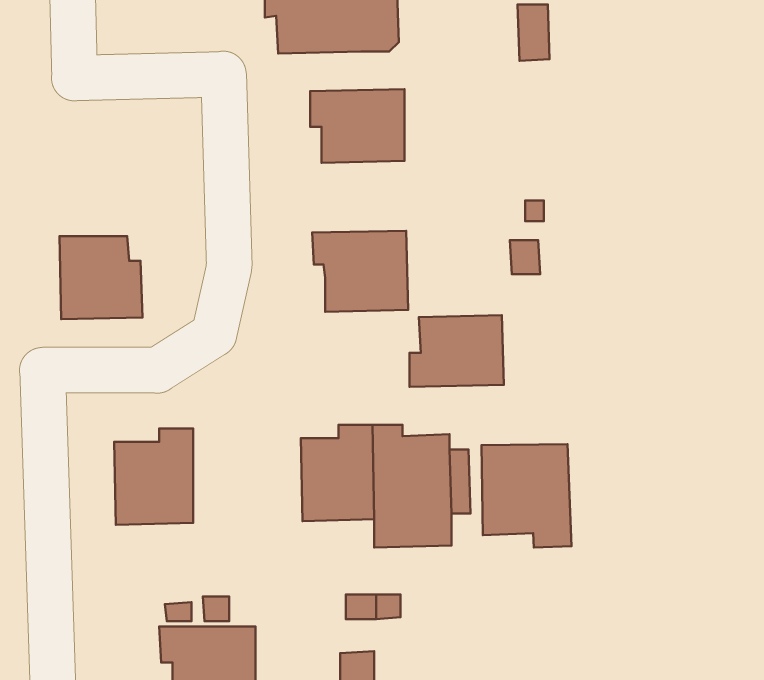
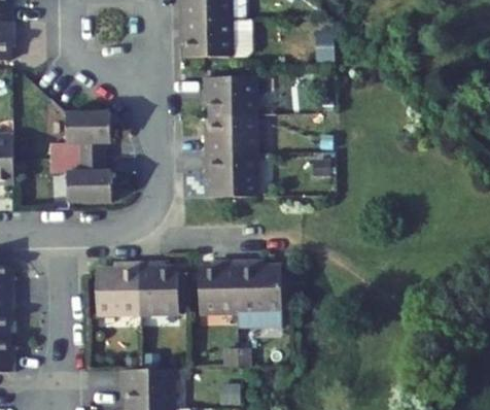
building: none -> [49,112,109,158]
building: [409,315,504,387] -> [203,115,254,155]
building: none -> [138,262,177,313]
building: [482,444,572,548] -> none

